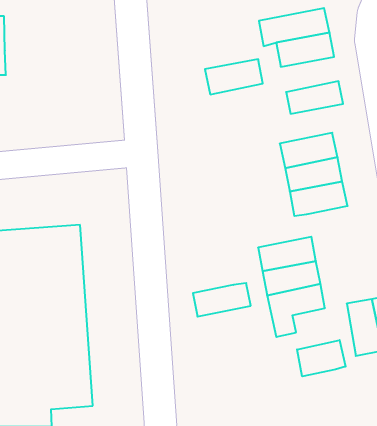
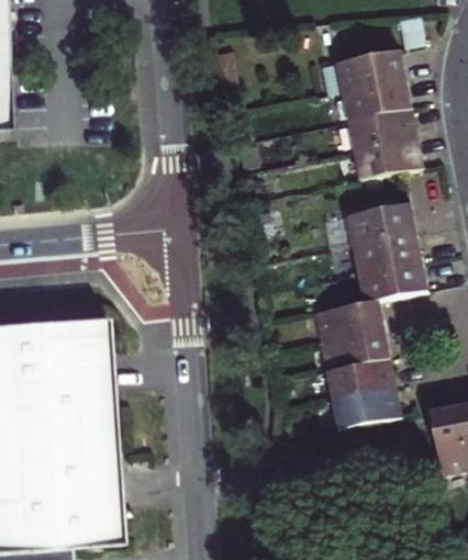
building: [205,59,263,94] -> [349,110,420,153]
building: [193,283,251,317] -> [316,301,387,341]
building: [297,340,346,376] -> none

